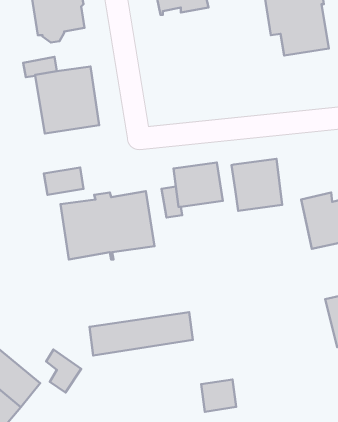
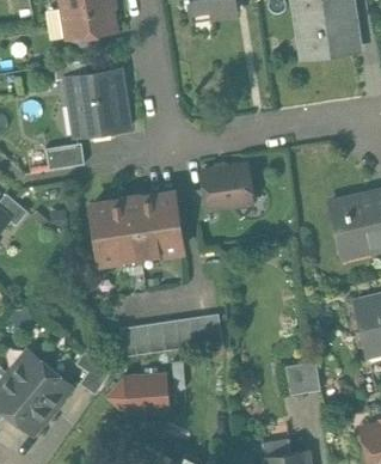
building: [231,159,282,211] -> none
building: [44,167,84,195] -> [45,142,85,170]
building: none -> [110,377,160,413]
building: [201,379,236,412] -> [284,362,319,395]

